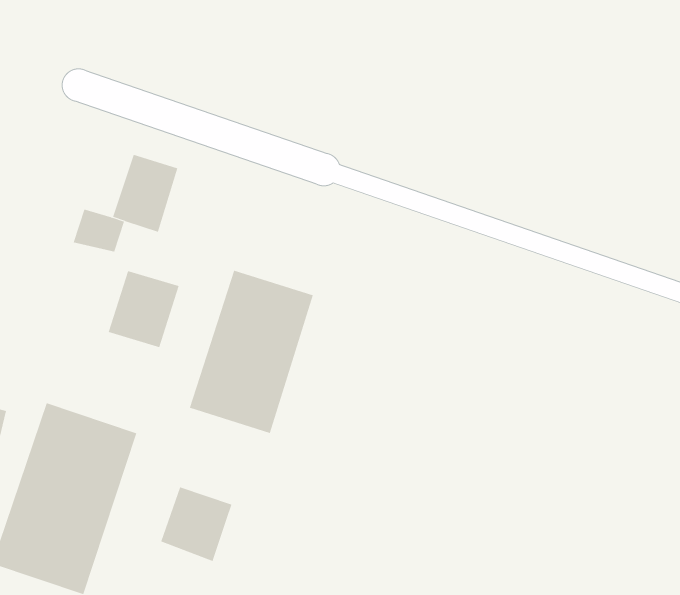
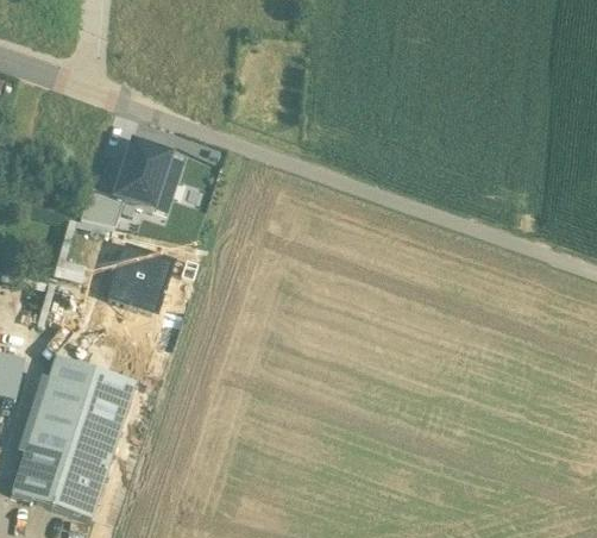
building: [189,270,314,434] -> none
building: [161,487,232,562] -> none

